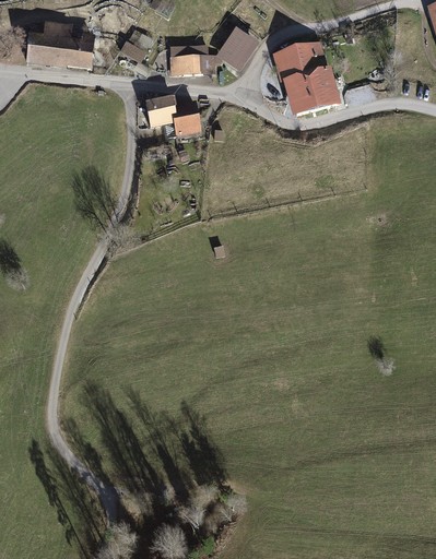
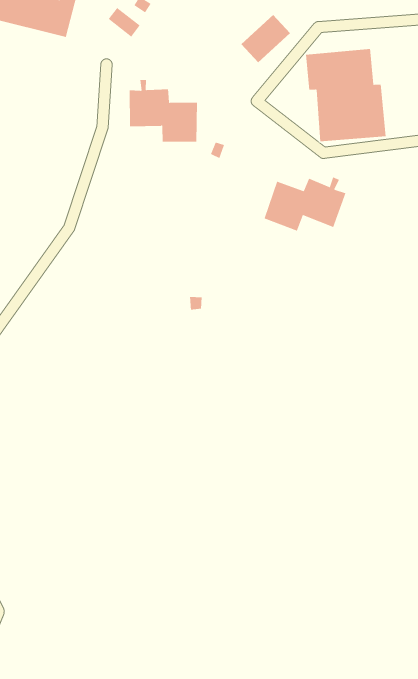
building: [168,44,219,74] -> none
building: none -> [264,177,346,231]

